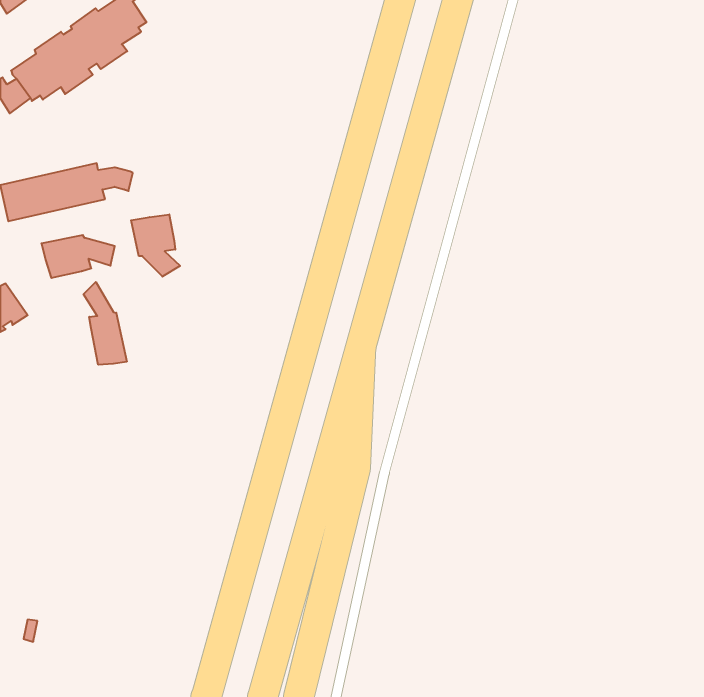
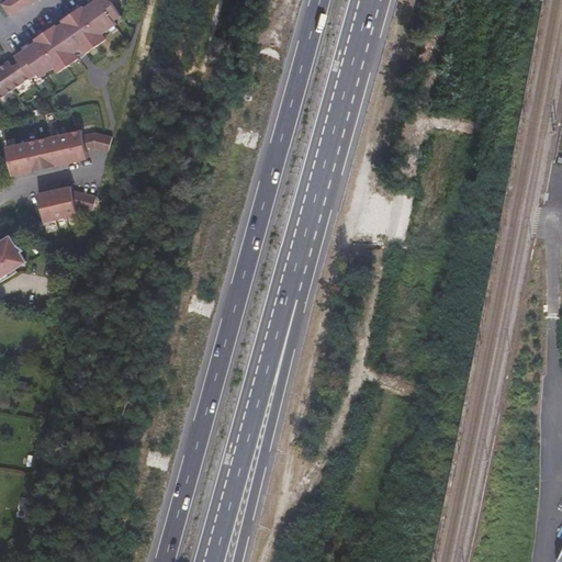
building: [131,214,180,277] -> none
building: [84,282,127,365] -> none

